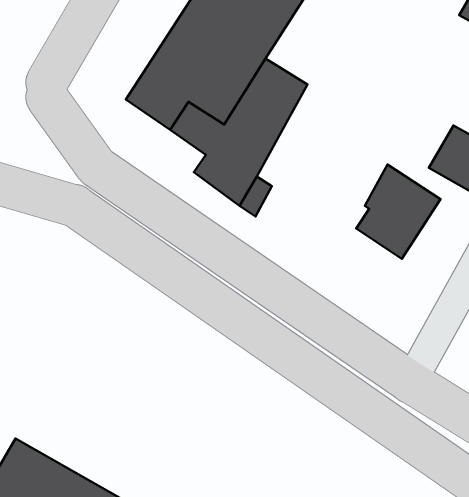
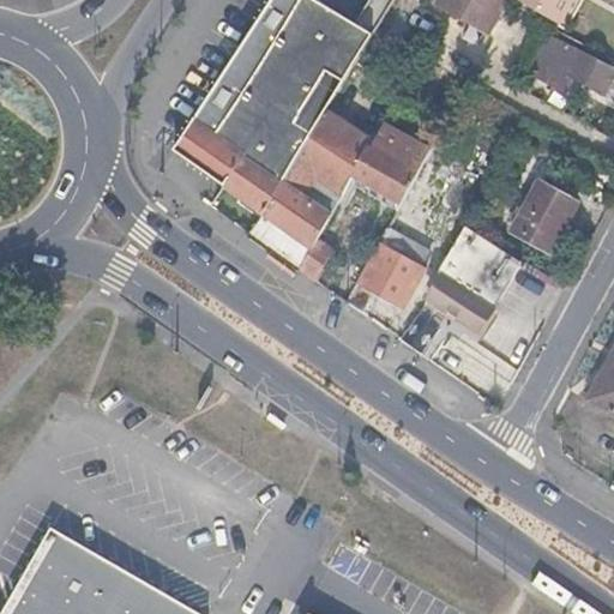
building: none -> [354,118,429,200]
building: none -> [357,225,433,308]

